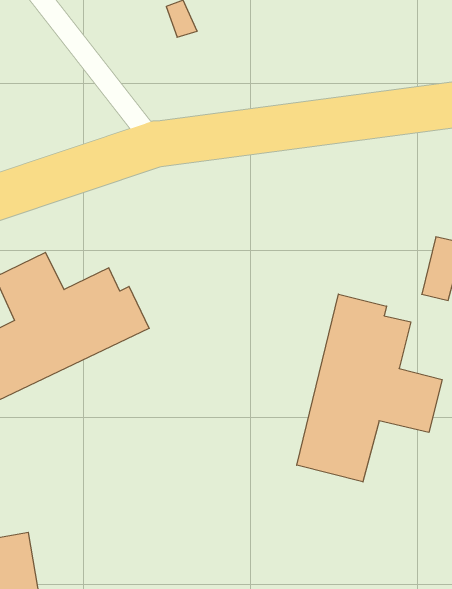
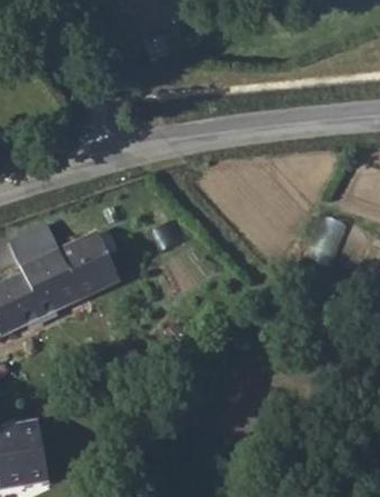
building: [297,294,442,482] -> none

